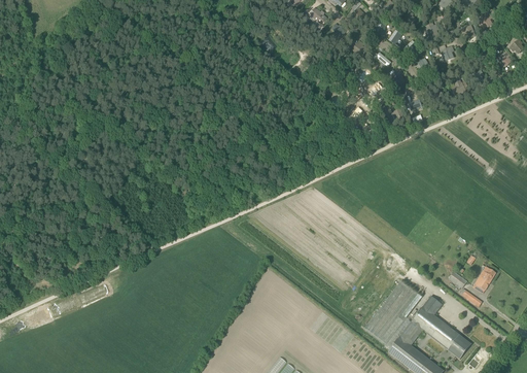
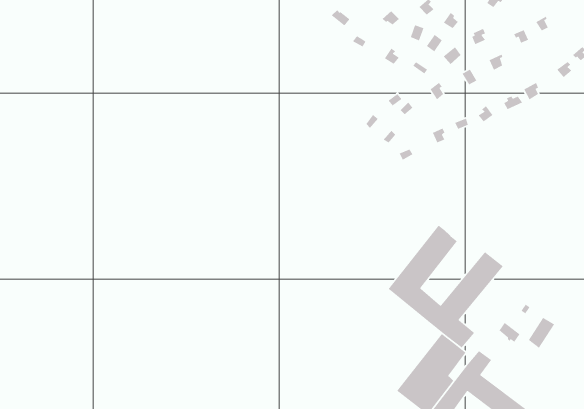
building: none -> [388,225,504,348]

